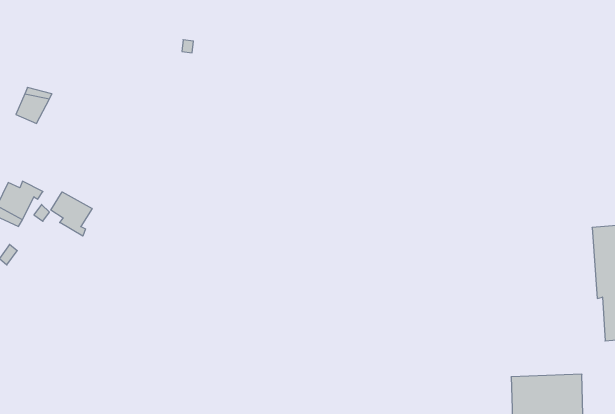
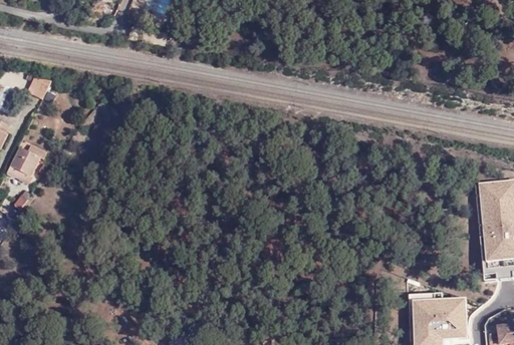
building: [51,192,92,236] -> none

